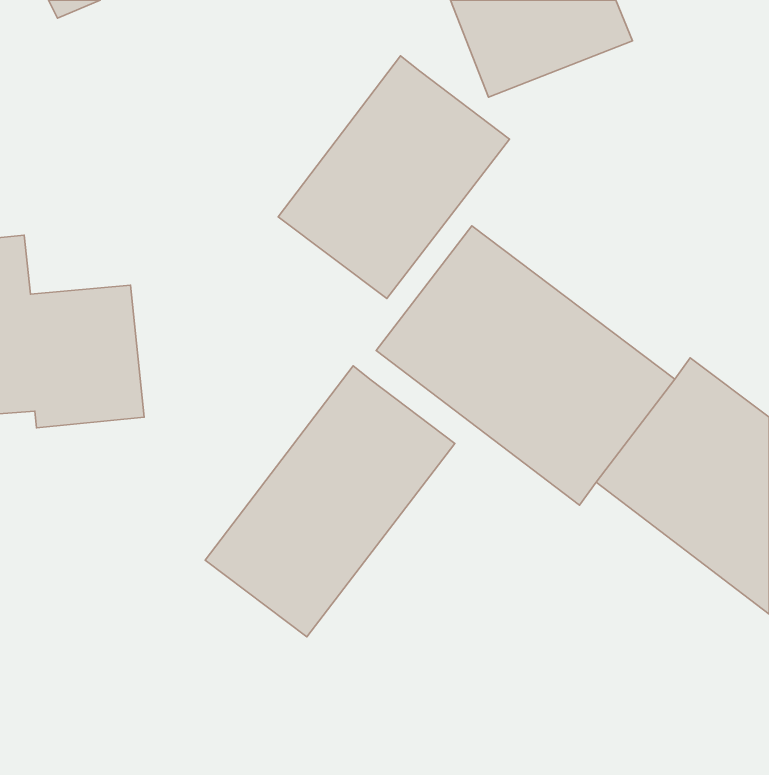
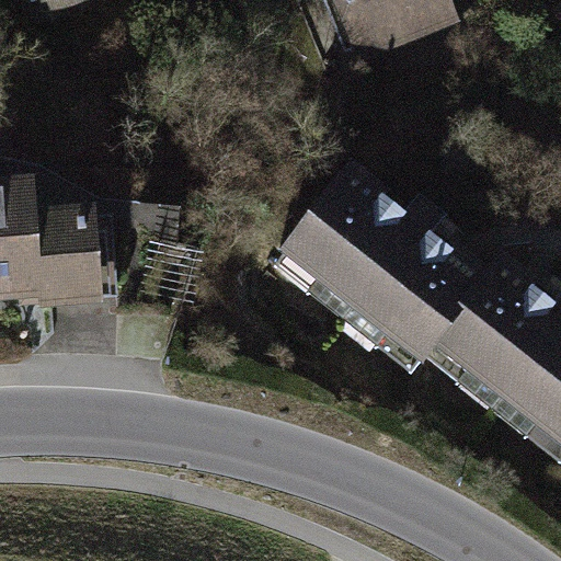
building: [278,56,509,299] -> none
building: [205,366,455,637] -> none

